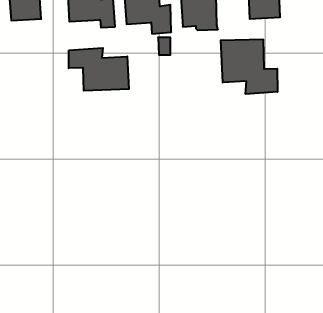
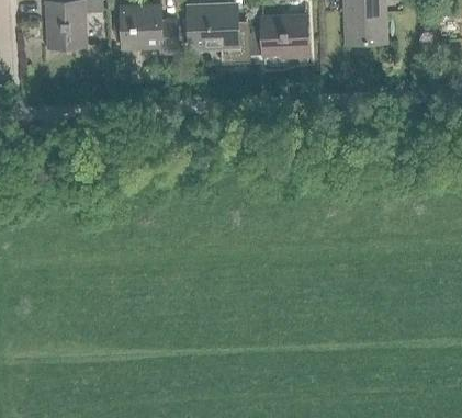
building: [221,39,277,94] -> none
building: [69,48,129,91] -> none

